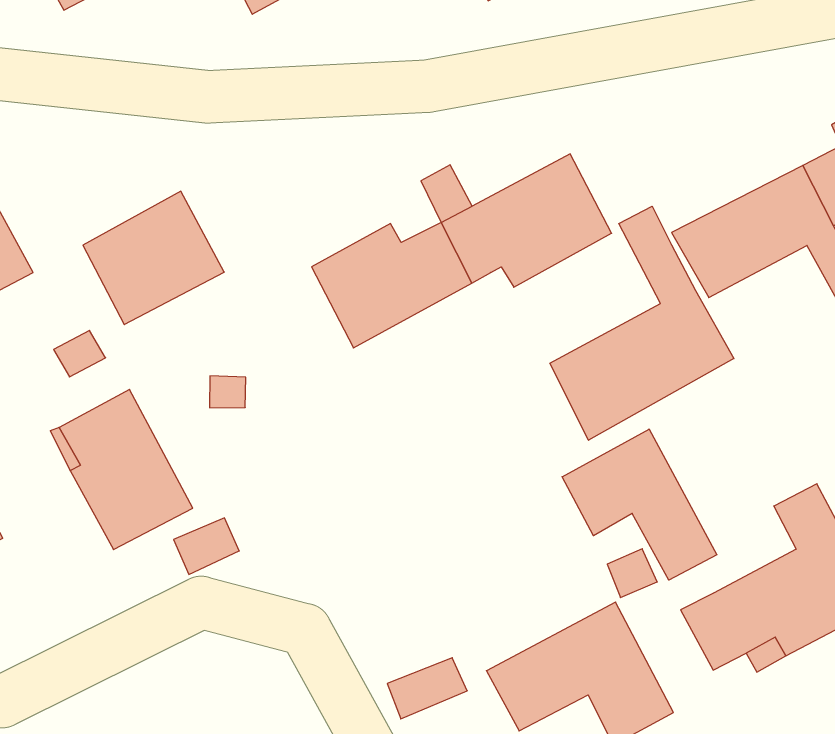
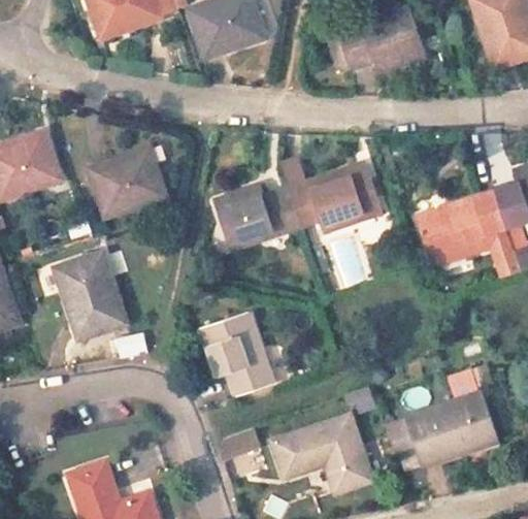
building: [550,206,734,440] -> none
building: [562,429,717,580] -> none
building: none -> [201,312,273,395]

